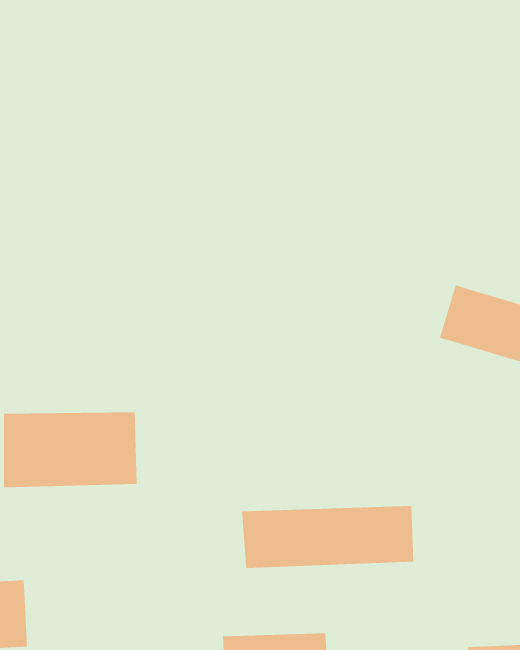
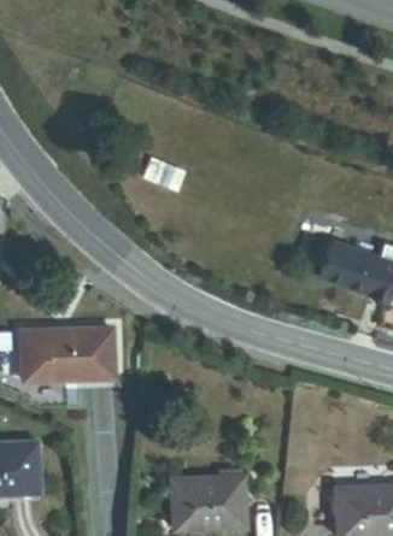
building: [241,505,414,569] -> none

